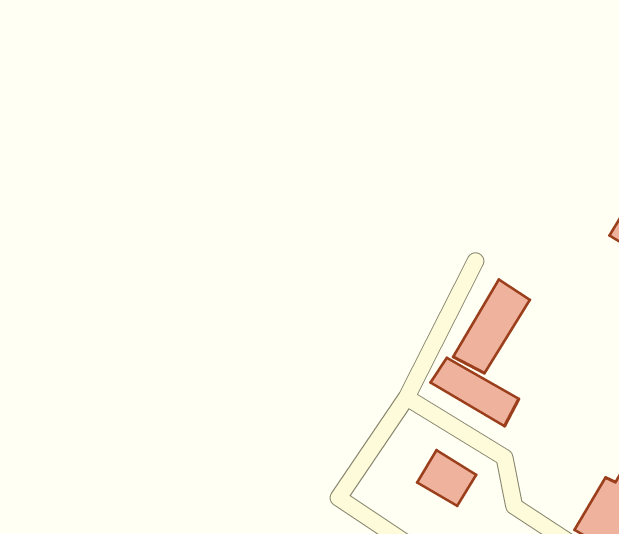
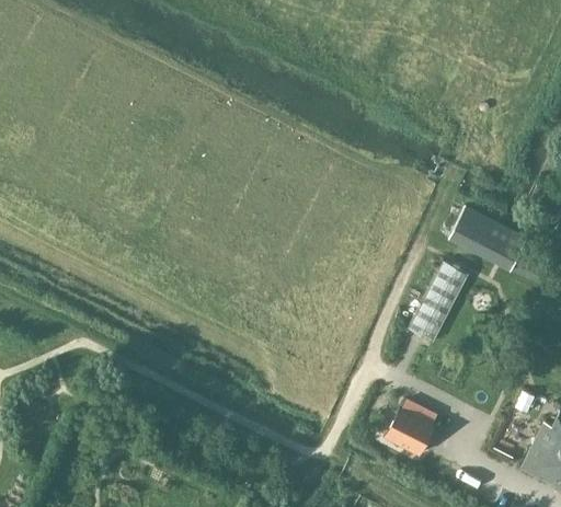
building: none -> [450,205,529,270]
building: [431,358,519,426] -> none

